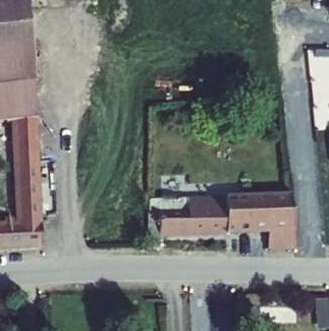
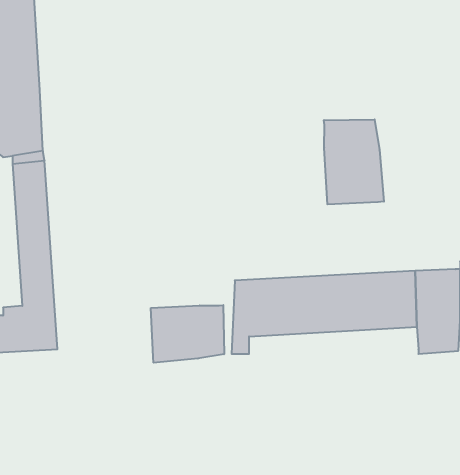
building: none -> [324,119,384,204]
building: none -> [151,305,224,363]

